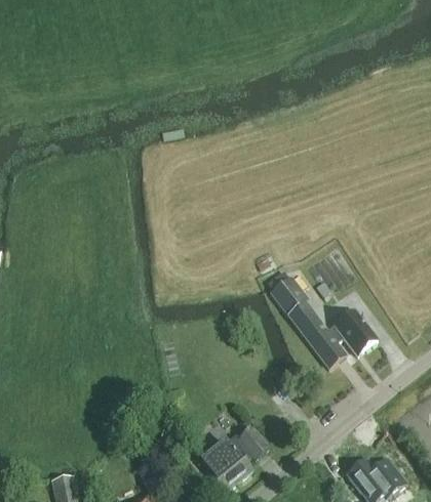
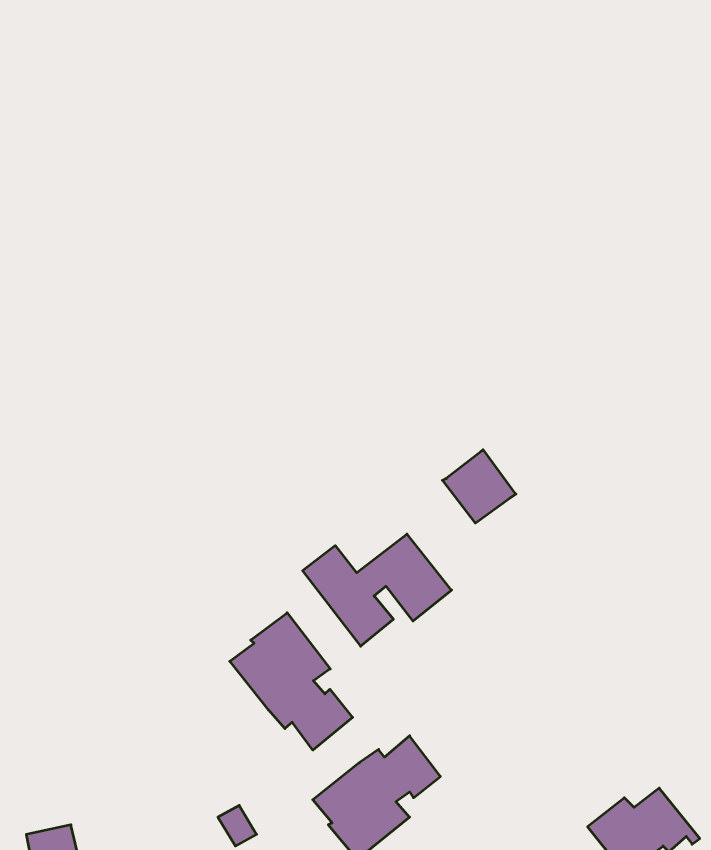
building: [299,309,378,369] -> [303,534,452,646]
building: none -> [230,613,353,750]

